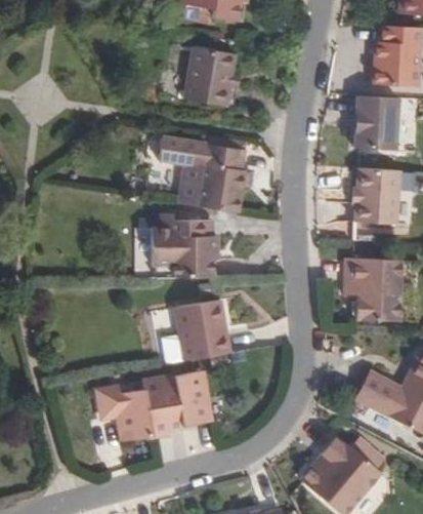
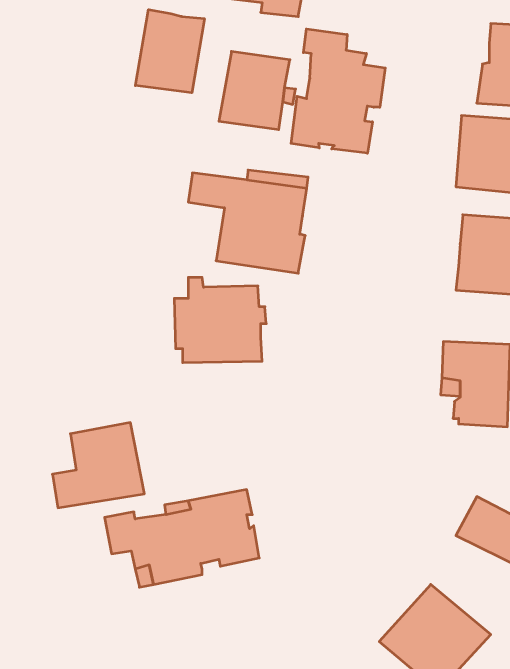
building: none -> [135,10,204,93]
building: none -> [291,29,385,153]
building: [162,299,229,361] -> [52,423,144,508]

